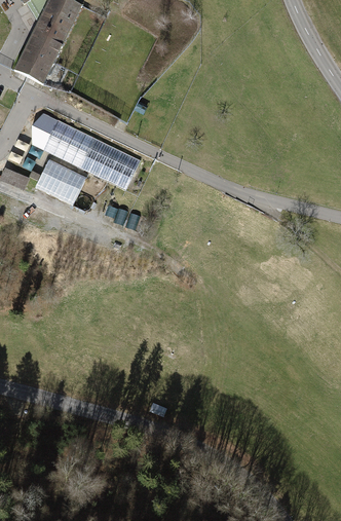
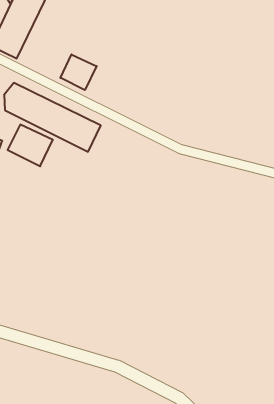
building: none -> [60,54,97,90]

